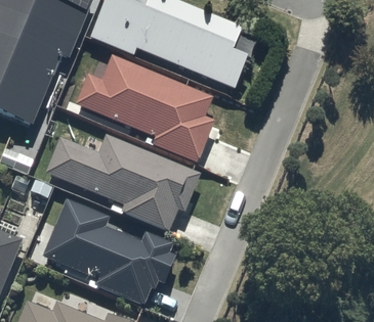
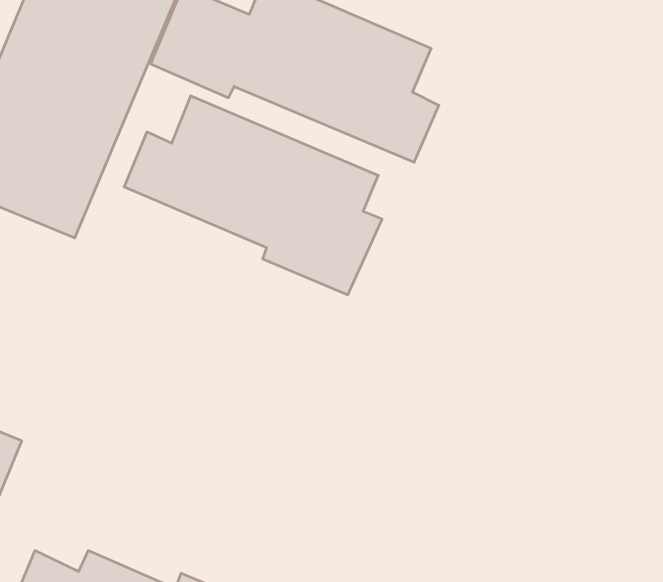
building: [44,132,199,231] -> none
building: [40,199,175,304] -> none

